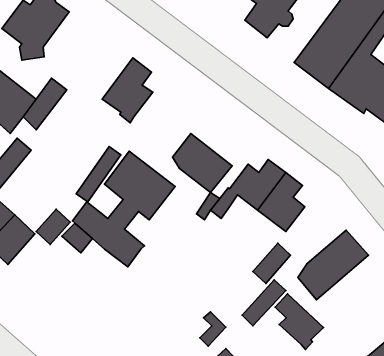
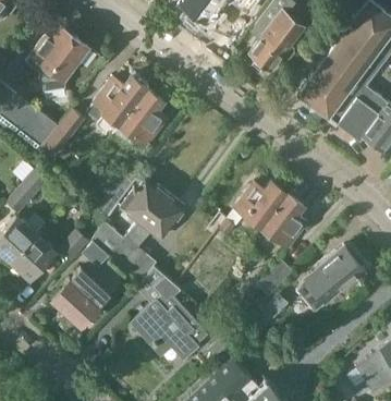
building: none -> [86,78,146,127]
building: [173,133,232,193] -> none
building: none -> [132,266,204,359]
building: none -> [52,269,110,327]
building: [275,294,323,349] -> none

